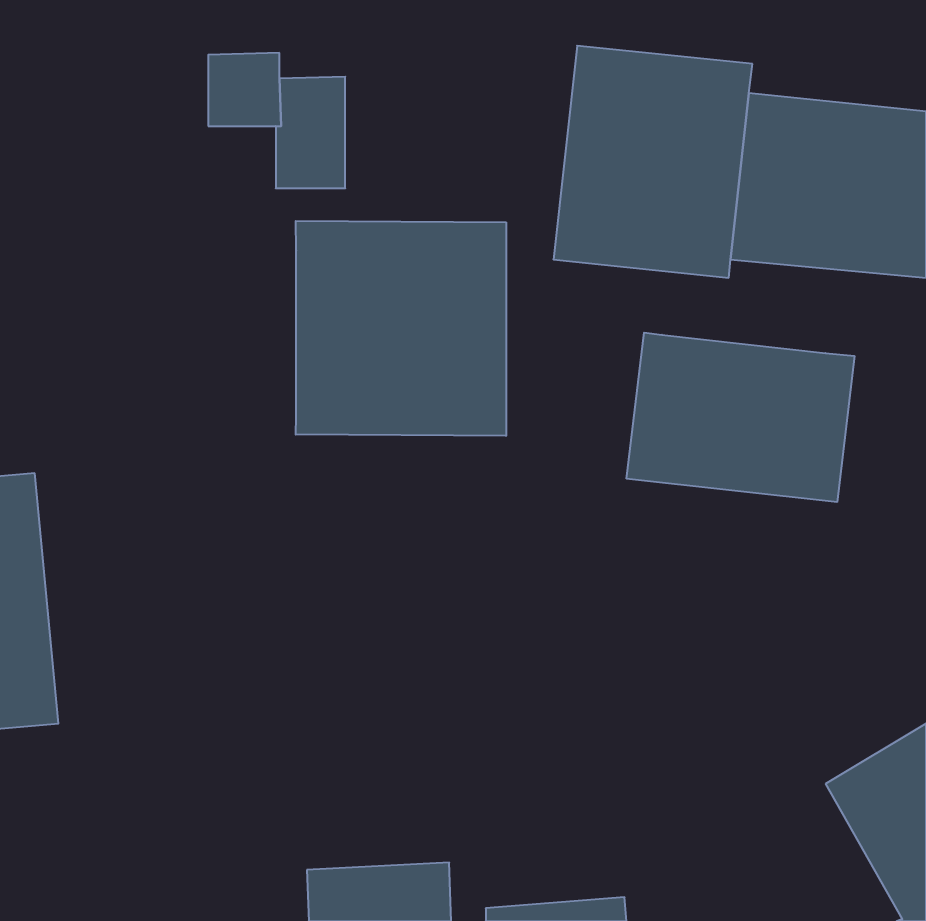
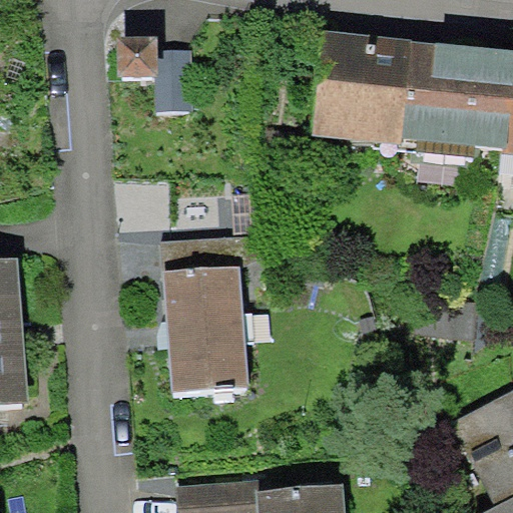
building: [296,221,506,436] -> none
building: [627,333,854,502] -> none
building: none -> [166,269,252,393]

